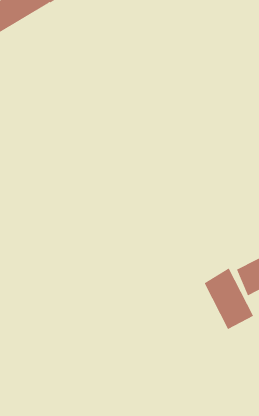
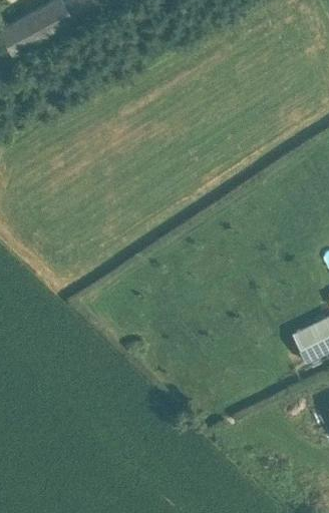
building: [204,267,254,330] -> none

